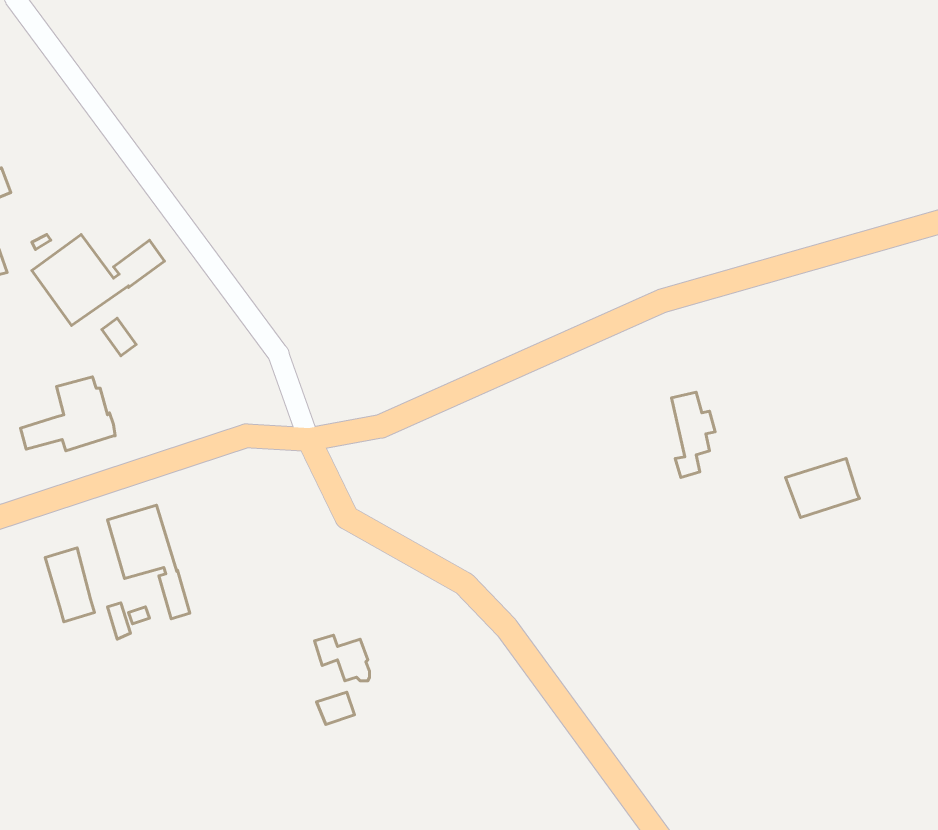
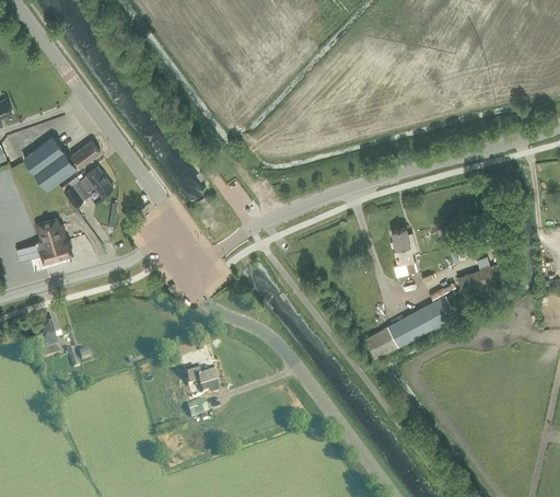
building: none -> [80,165,114,195]
building: [107,505,190,619] -> none
building: none -> [364,296,455,357]

